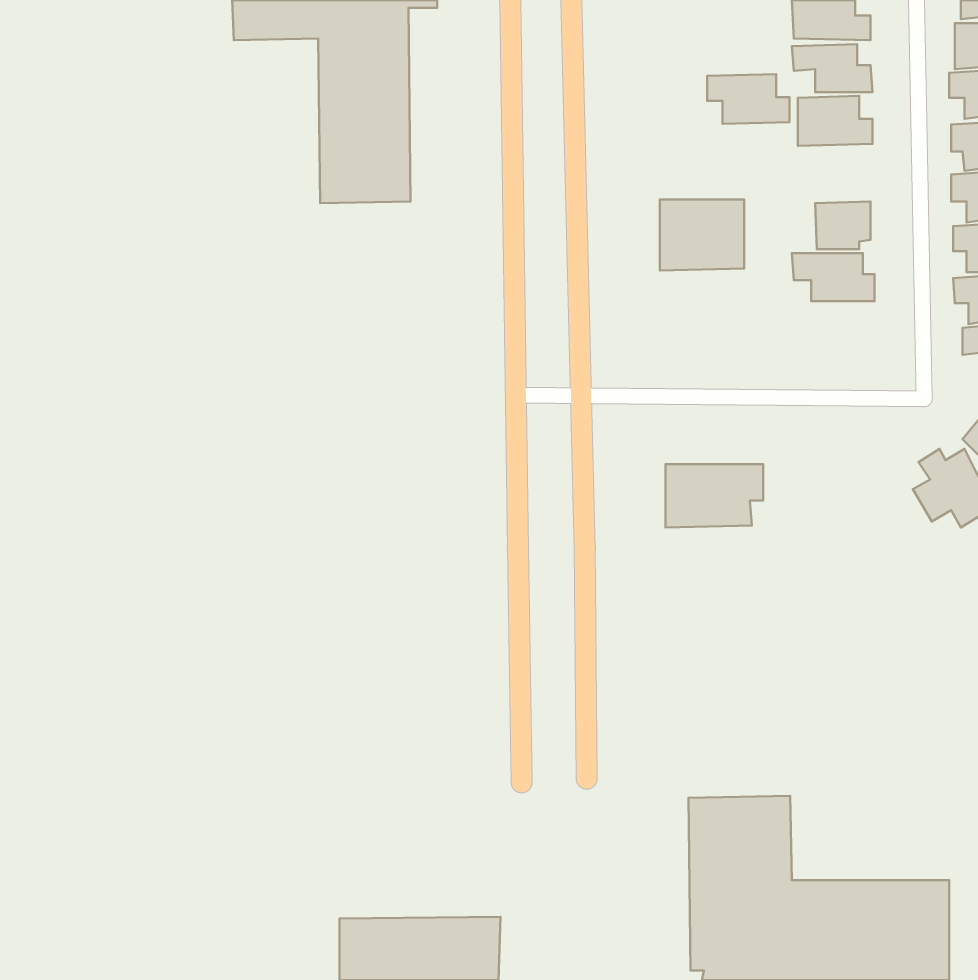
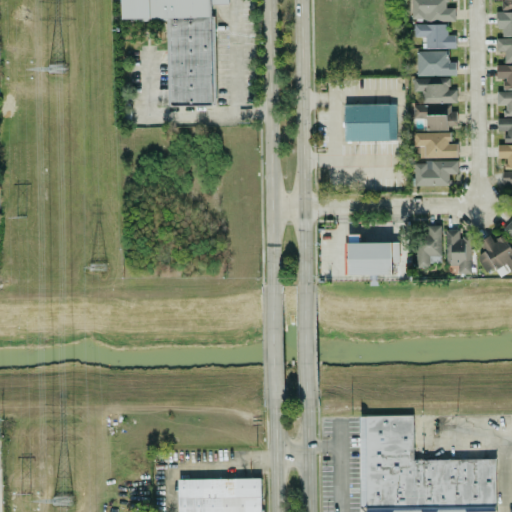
building: [707,74,790,124] -> [414,77,457,103]
building: none -> [414,160,458,186]
building: none -> [417,225,442,267]
building: none -> [446,228,472,273]

